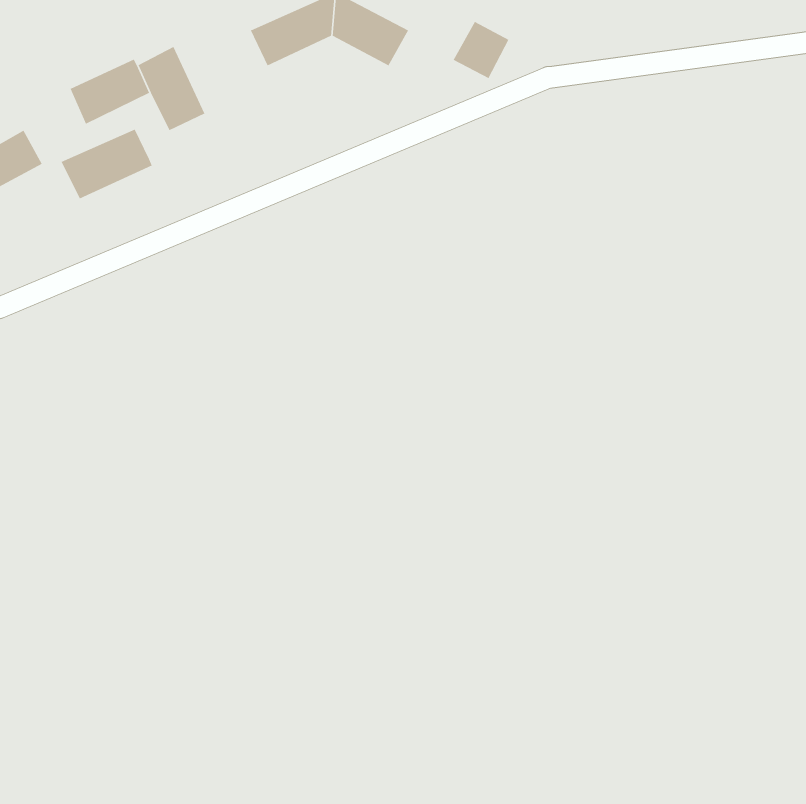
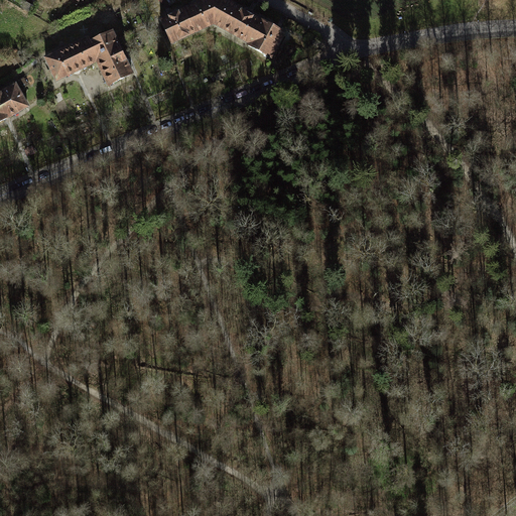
building: [453,21,509,79] -> [247,19,283,56]
building: [61,129,153,200] -> none

